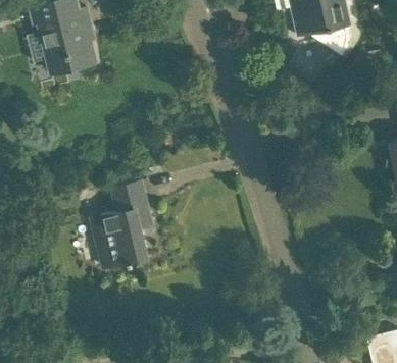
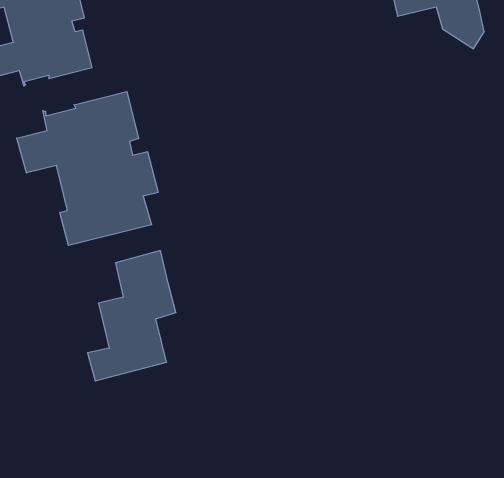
building: none -> [17,92,158,245]

